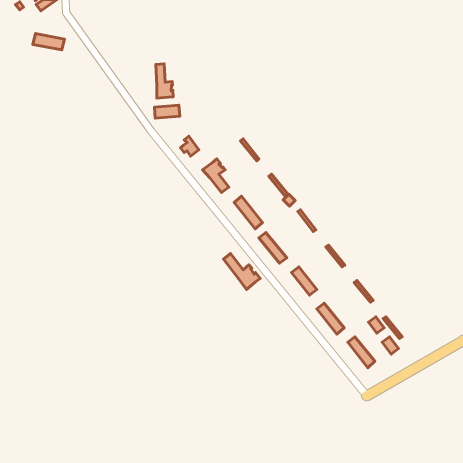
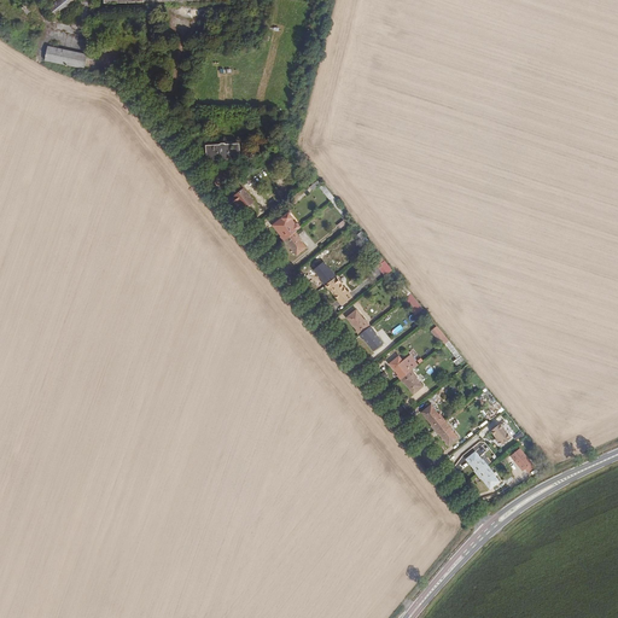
building: [156,64,173,98] -> none
building: [224,254,260,290] -> none

